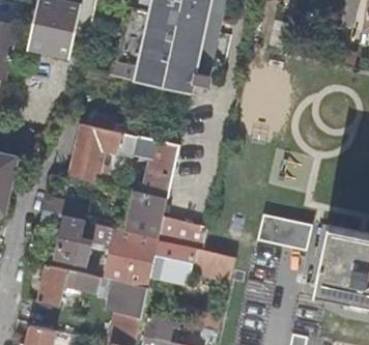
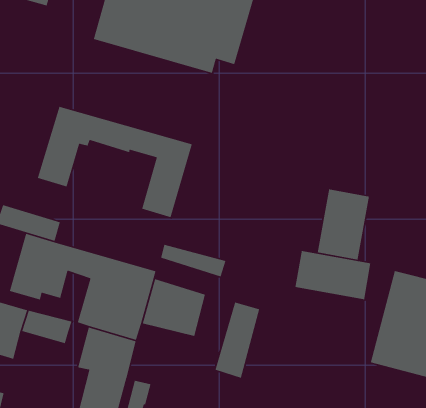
building: none -> [317,189,370,261]
building: [126,192,167,237] -> none

